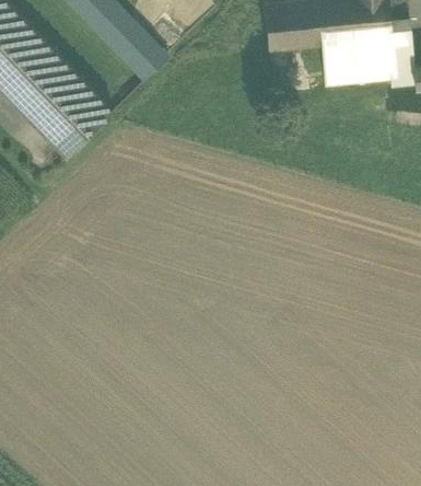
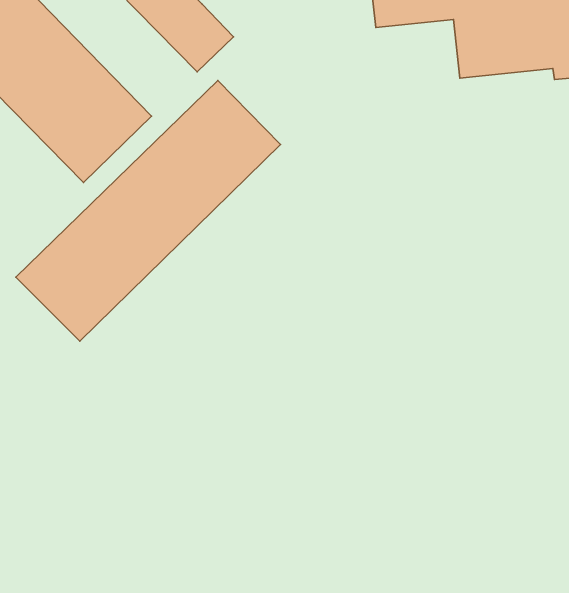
building: none -> [16,81,280,341]

